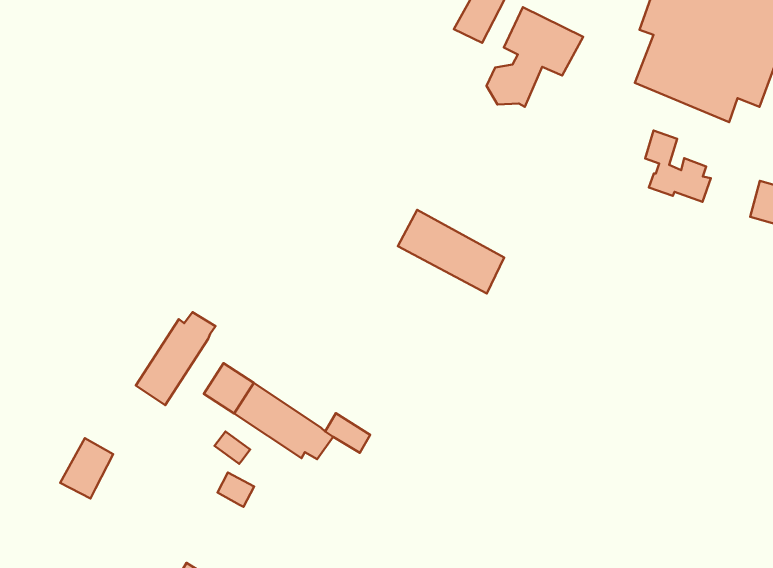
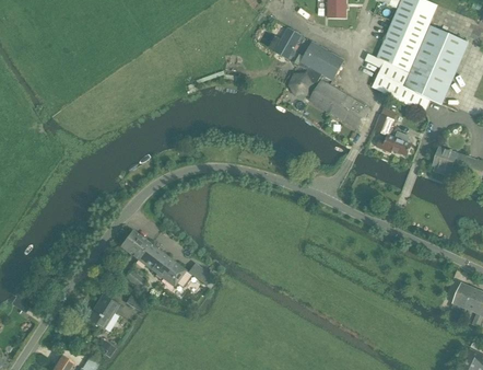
building: [398,210,504,294] -> [308,80,367,129]
building: [136,312,215,405] -> none
building: [60,438,113,499] -> [86,296,117,329]

